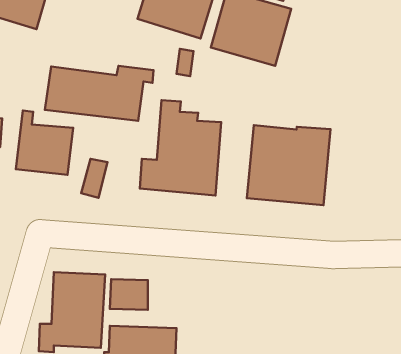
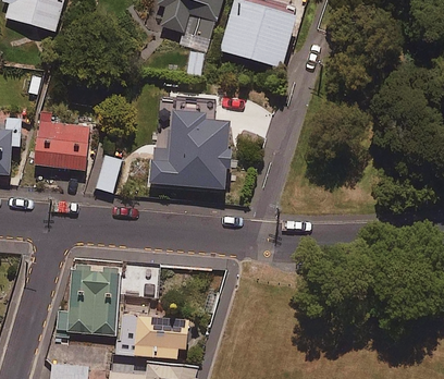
building: [45,66,154,121] -> none
building: [247,125,330,205] -> none

